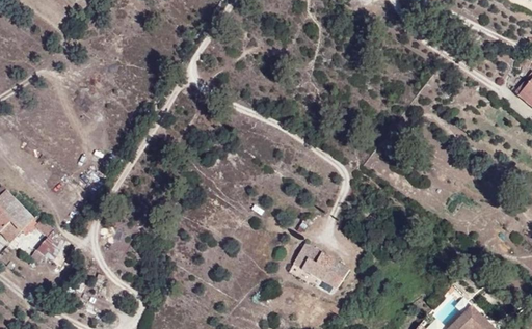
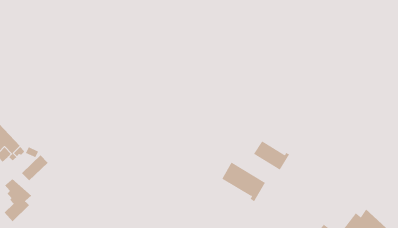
building: none -> [253,140,290,170]
building: none -> [4,178,32,222]

